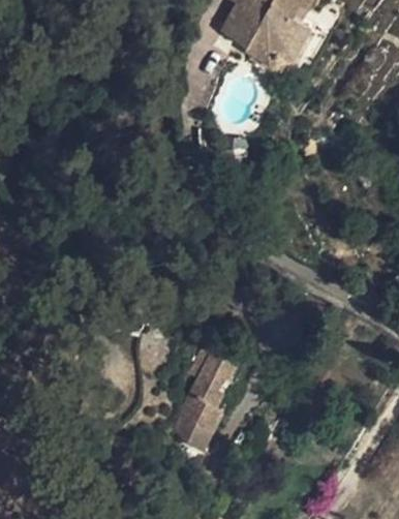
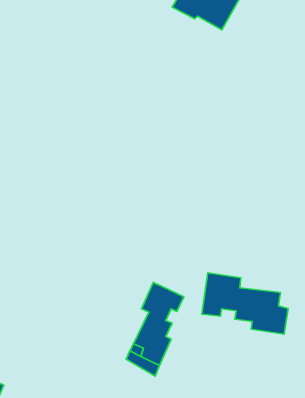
building: none -> [202,273,288,334]

